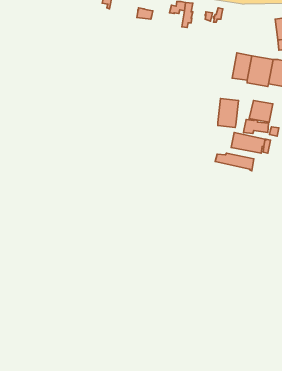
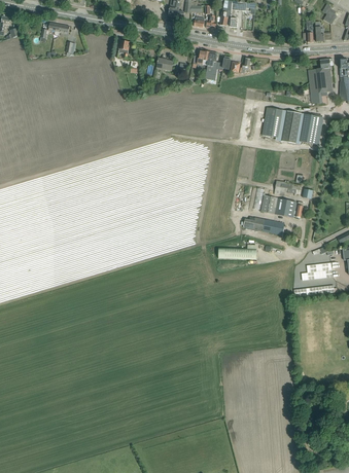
building: [218,98,238,127] -> none
building: [249,100,273,122] -> none

